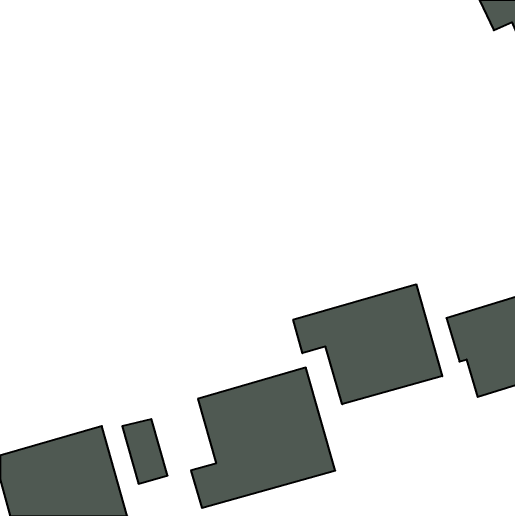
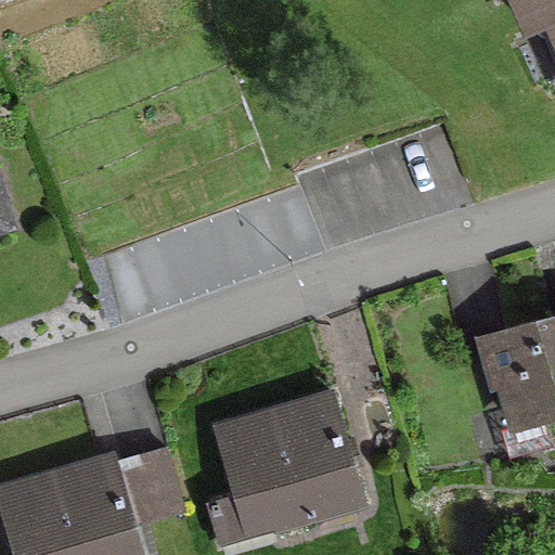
building: [293,284,442,404] -> none

